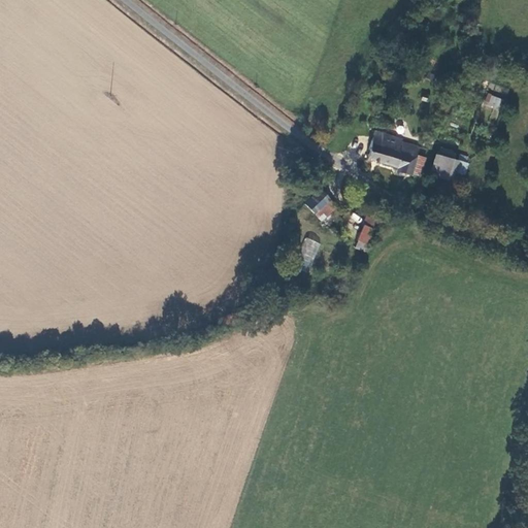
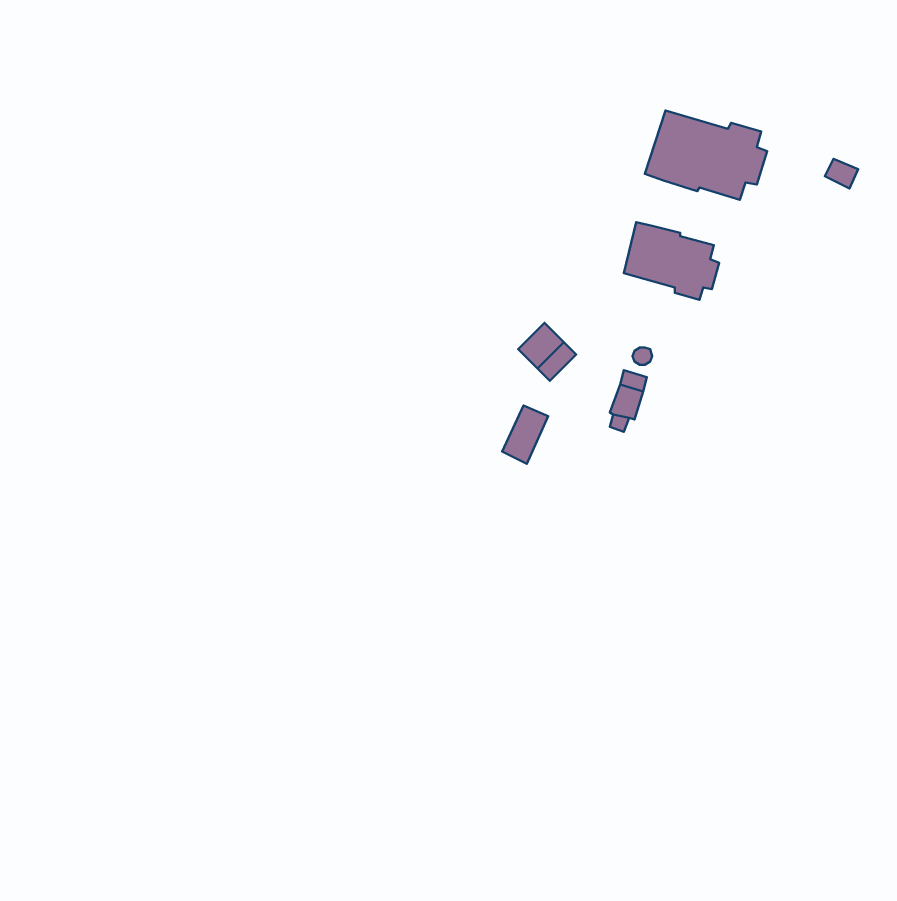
building: none -> [645,110,767,200]
building: [428,153,455,182] -> none

